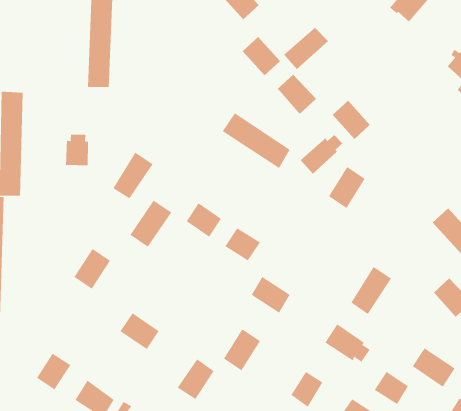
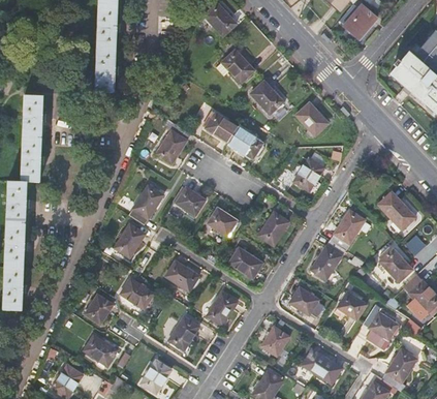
building: [283,27,329,70] -> none
building: [66,134,88,166] -> none
building: [300,134,343,175] -> none
building: [112,152,154,199] -> [157,123,191,162]
building: none -> [331,210,365,249]
building: none -> [258,211,289,244]
building: [73,248,111,289] -> [115,222,146,256]
building: none -> [167,260,200,290]
building: [36,353,71,390] -> [85,293,114,324]
building: [374,371,409,405] -> [338,290,367,318]

